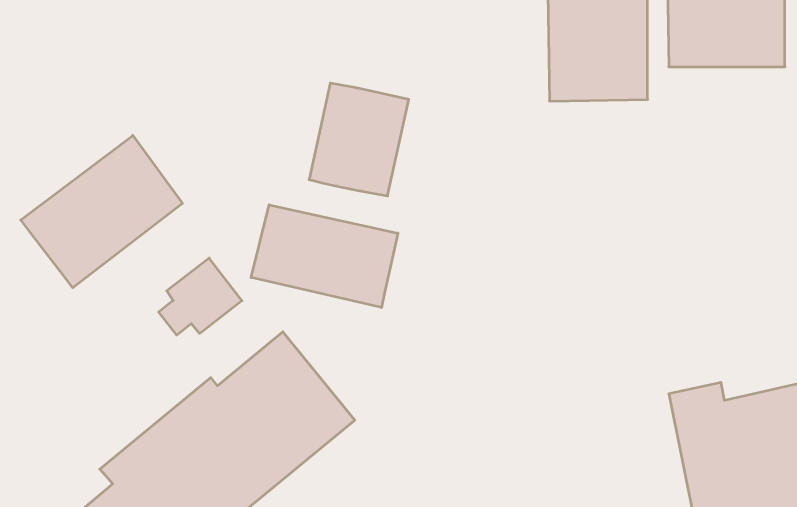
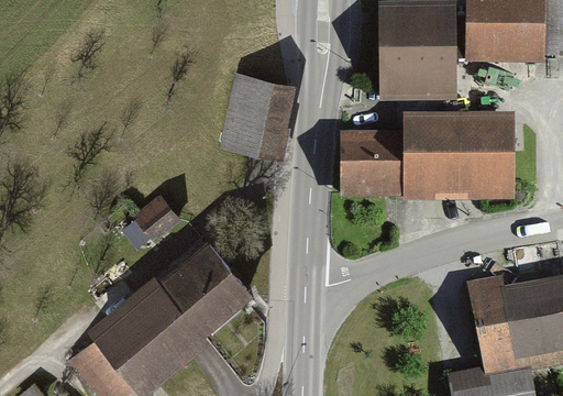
building: [21,135,182,288] -> none
building: none -> [344,114,517,194]
building: [251,205,398,308] -> none

